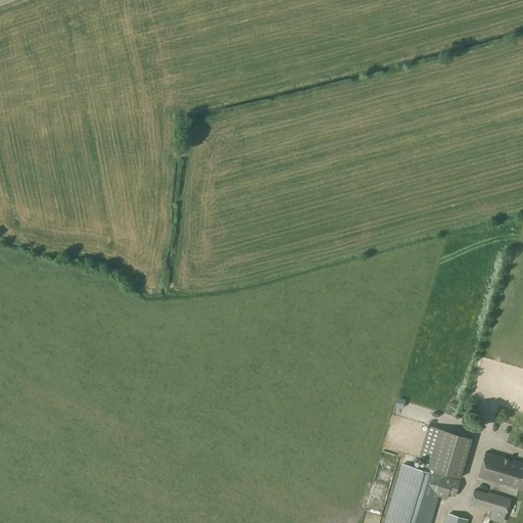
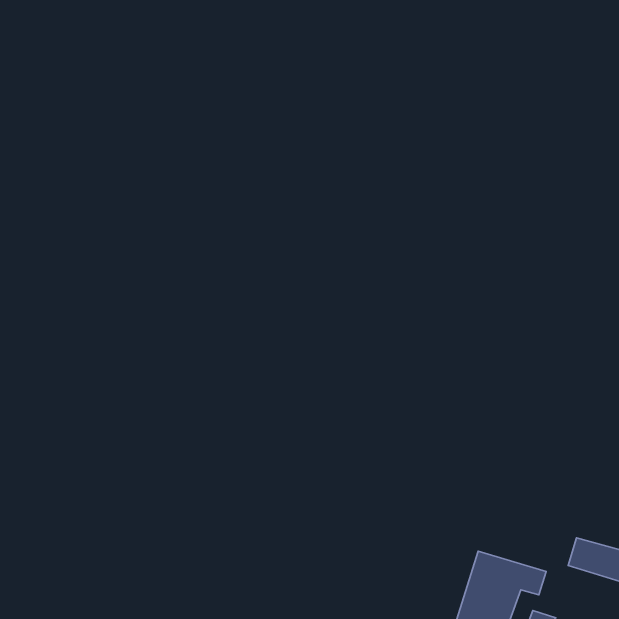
building: [421,427,473,478] -> none
building: [471,490,512,516] -> none

